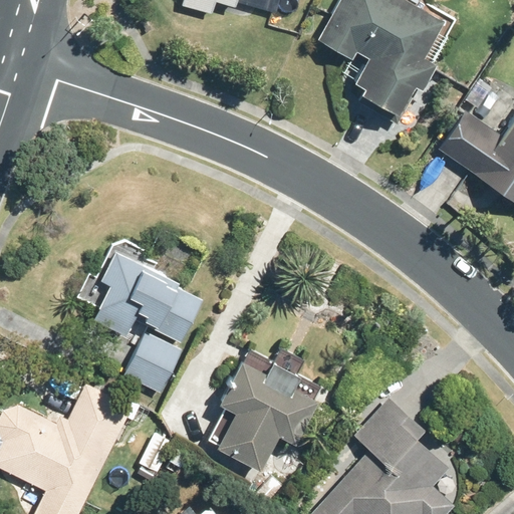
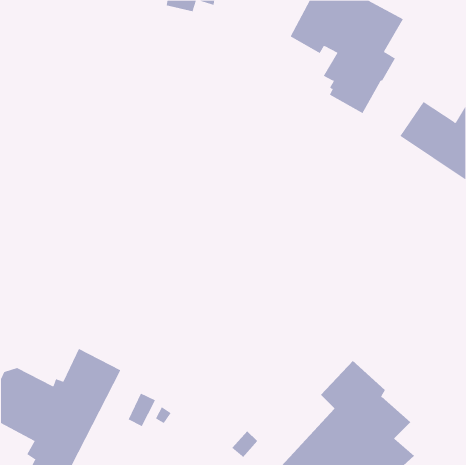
building: [80,239,205,338] -> none
building: [123,332,182,394] -> none
building: [208,350,321,472] -> none

